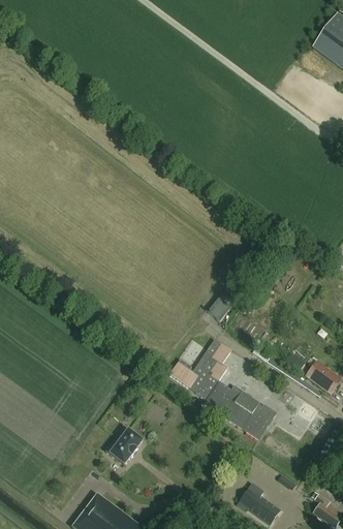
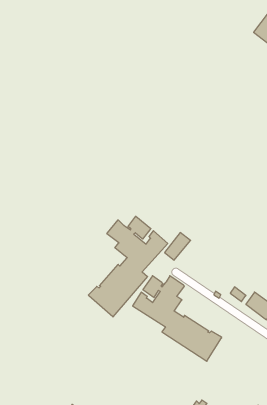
building: none -> [88,216,168,317]
building: [105,426,144,464] -> none

